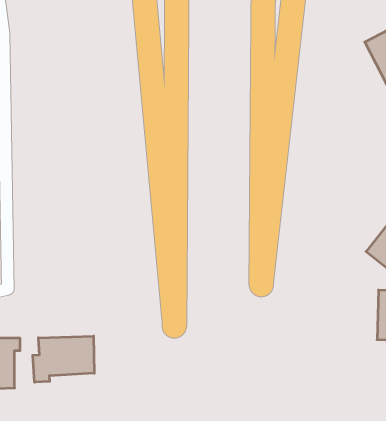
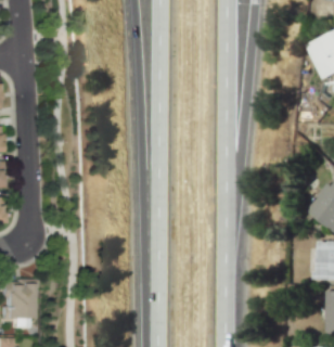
building: [33,336,94,382] -> none

